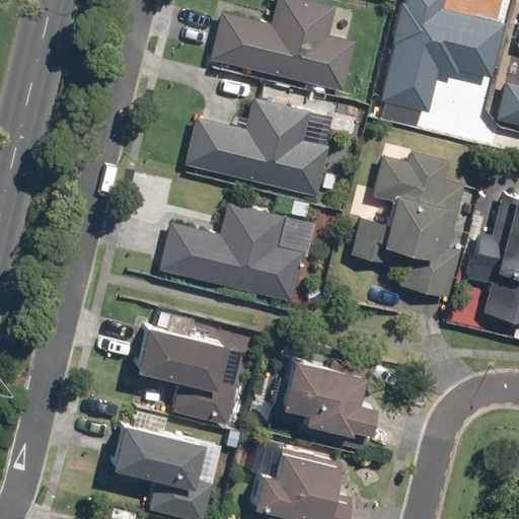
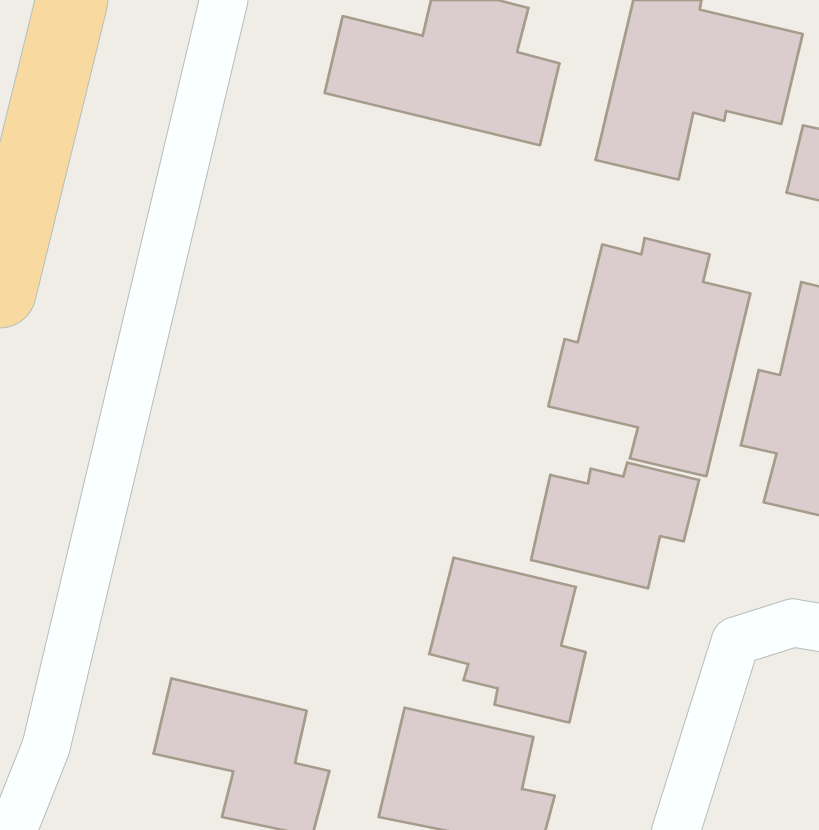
building: [184,97,331,198] -> none
building: [159,203,306,303] -> none
building: none -> [531,462,699,588]
building: [129,326,238,425] -> none

